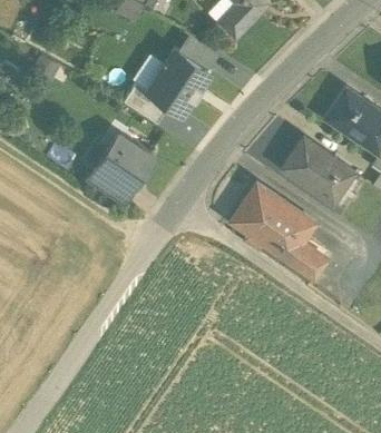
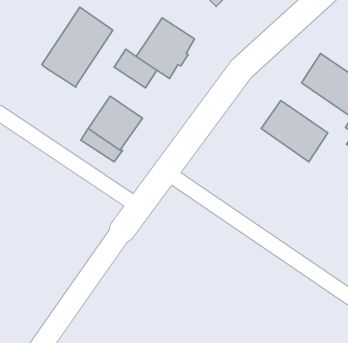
building: none -> [42,7,113,87]
building: [232,183,325,275] -> none

